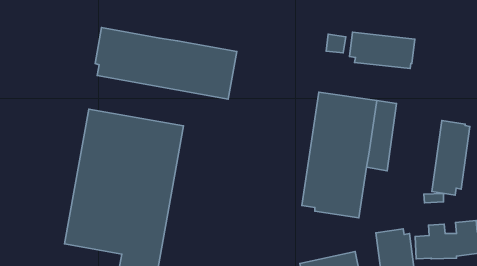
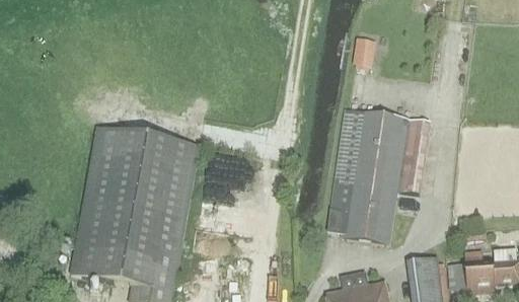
building: [95,28,237,99] -> none
building: [349,32,415,68] -> none
building: [432,121,470,195] -> none

